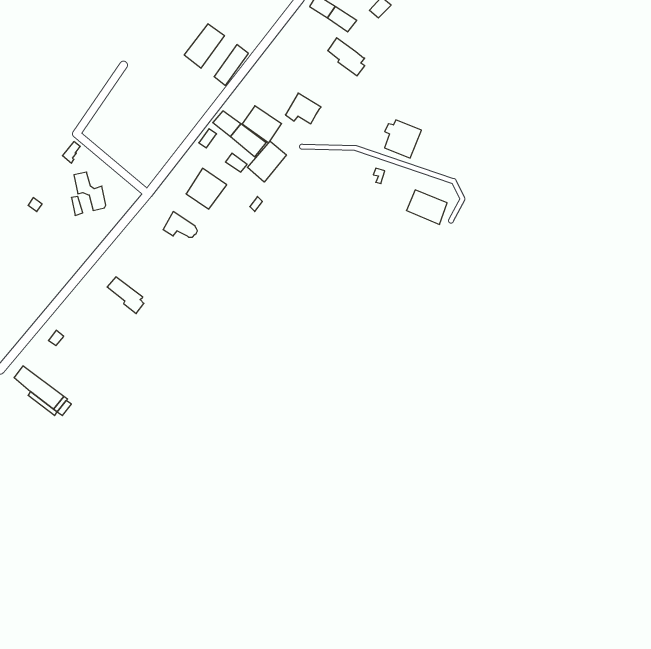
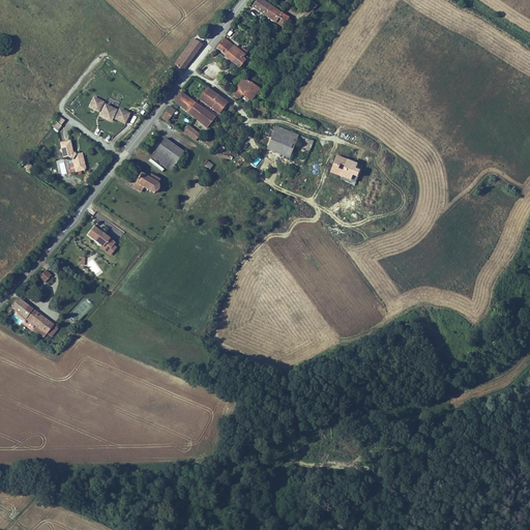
building: [184,24,224,68] -> none
building: [328,38,365,76] -> [216,36,246,67]
building: none -> [88,95,130,123]
building: [385,120,421,158] -> [268,125,298,156]
building: [247,141,286,182] -> none

